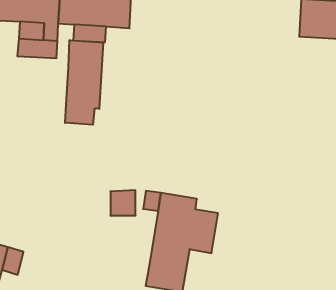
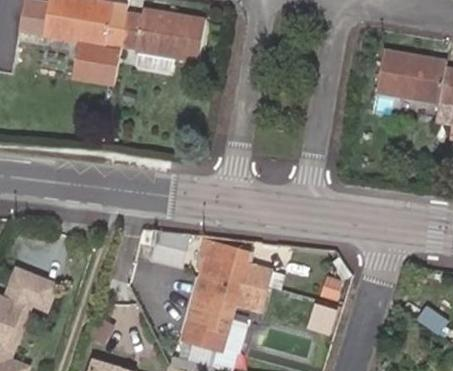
building: [65,40,103,125] -> none

